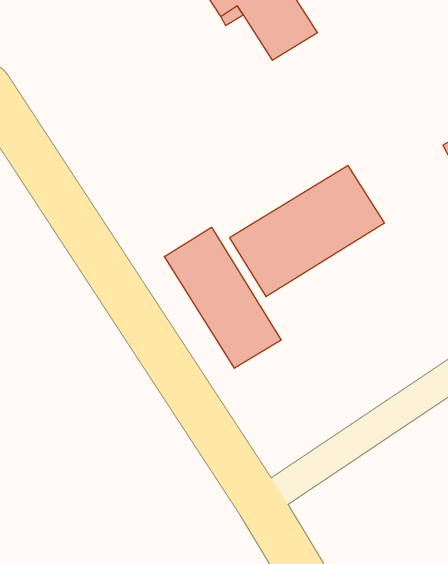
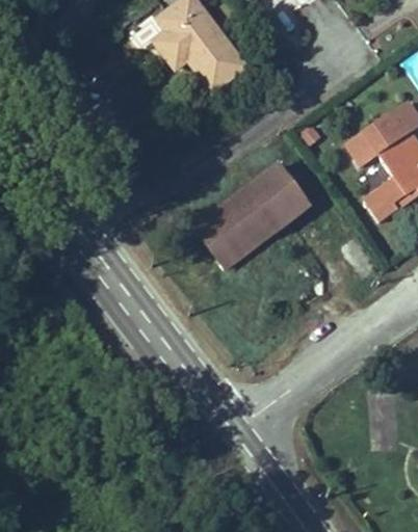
building: [164,227,281,368] -> none

